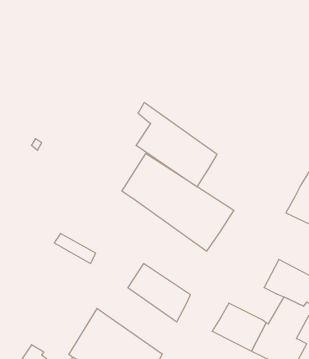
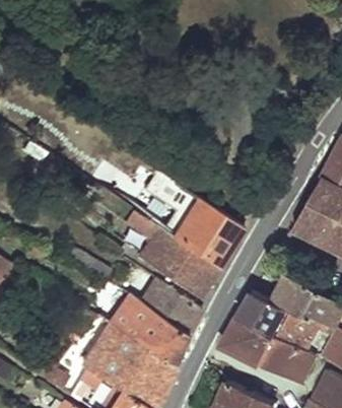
building: [136,103,217,187] -> [138,216,217,298]
building: none -> [238,291,285,334]
building: none -> [110,294,188,367]

